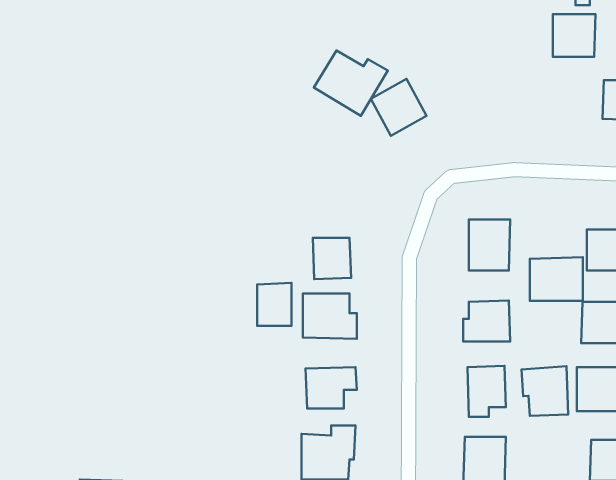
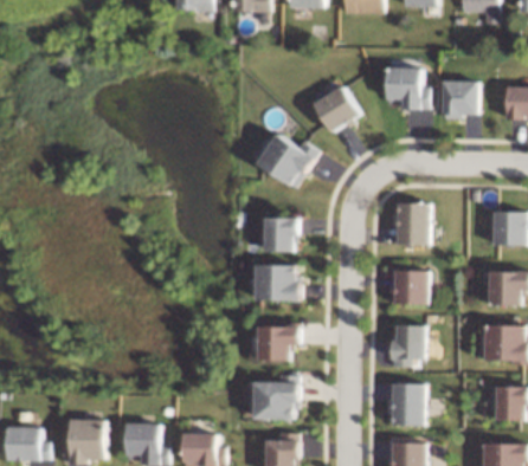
building: [553,14,596,57] -> [442,80,477,116]
building: [314,51,388,116] -> [256,134,317,188]
building: none -> [385,67,427,110]
building: [530,257,583,301] -> none
building: [257,283,292,326] -> none
building: [522,366,568,416] -> none

